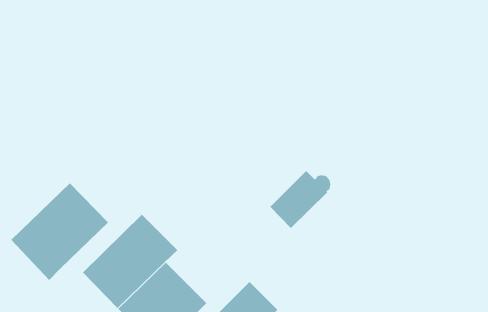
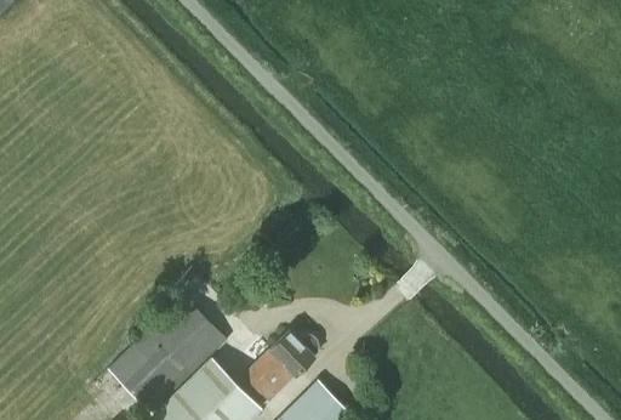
building: [270,170,331,229] -> [241,329,319,403]
building: [10,183,109,281] -> none

